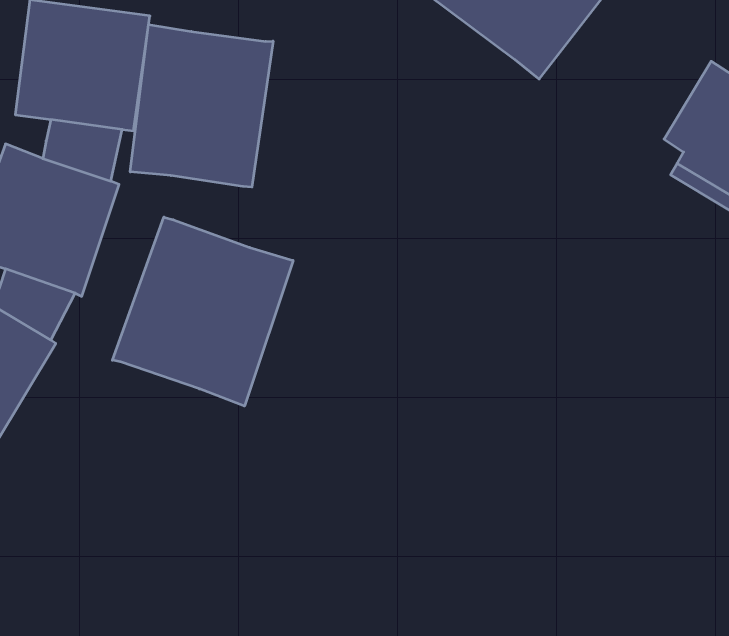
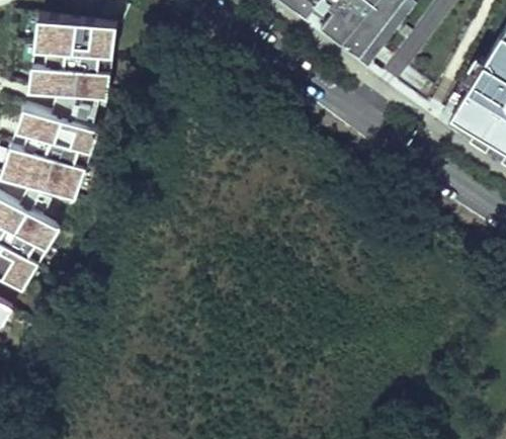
building: [130,24,273,187] -> none
building: [112,217,293,406] -> none

